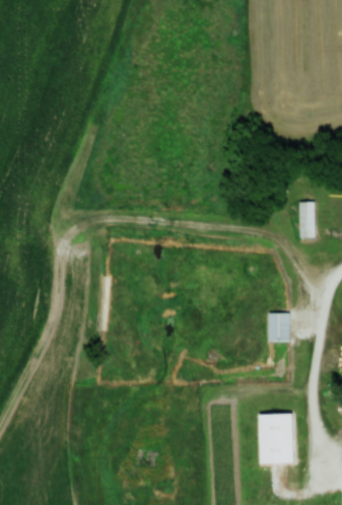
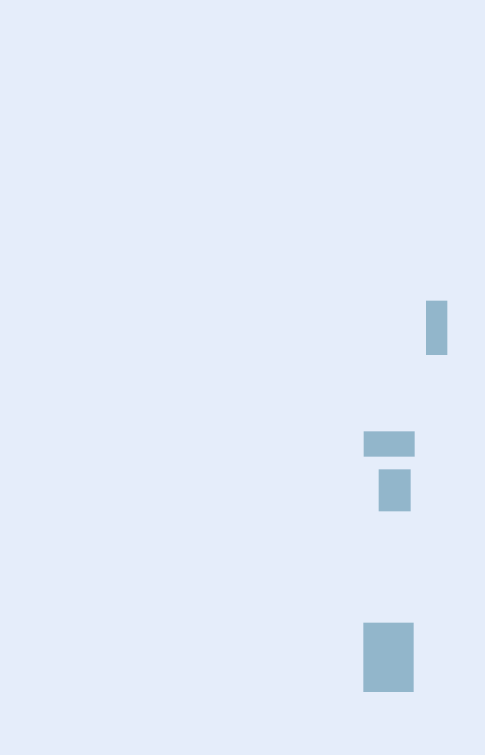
building: none -> [363,430,415,458]

